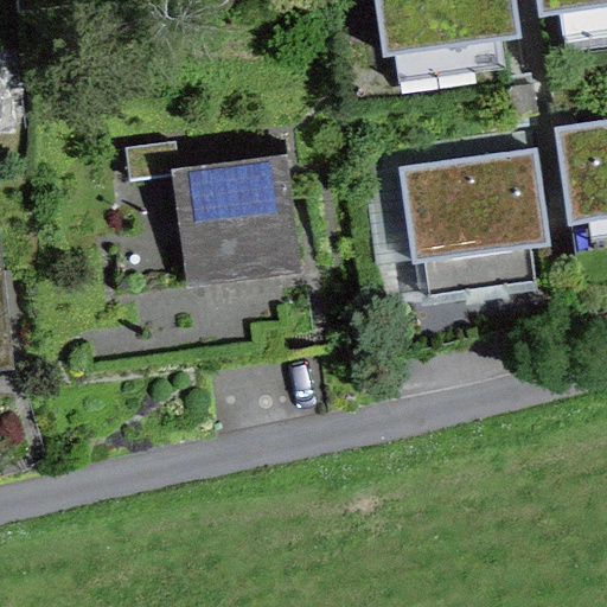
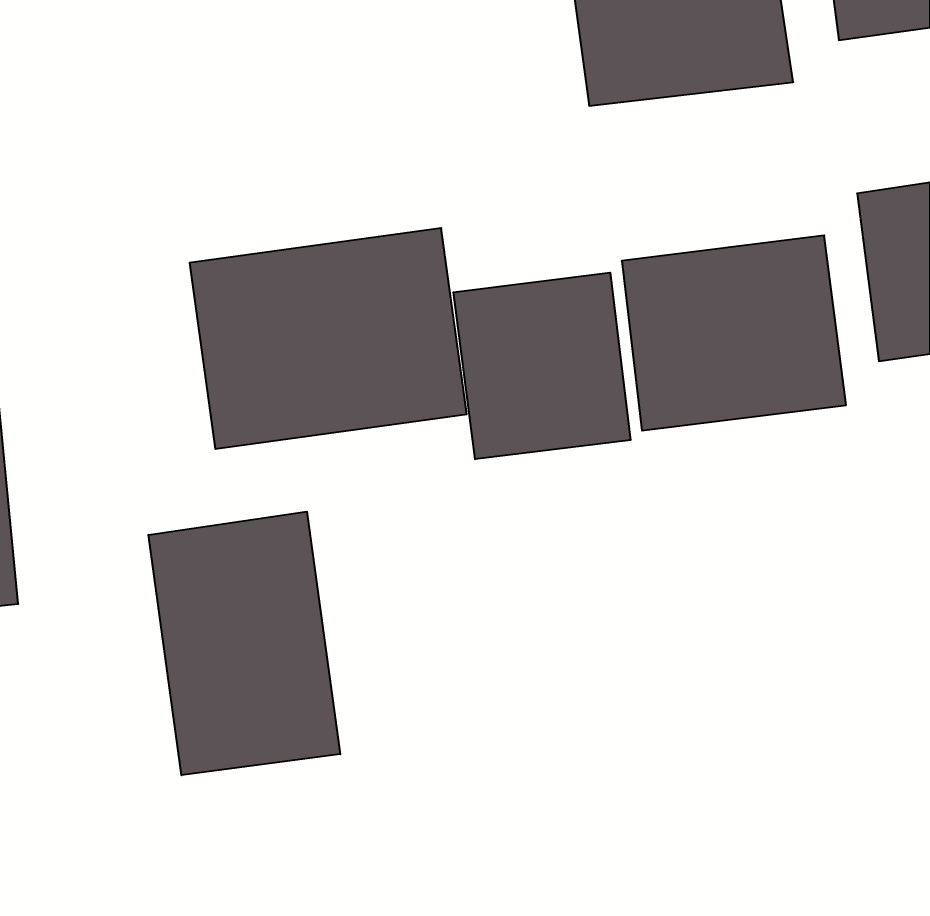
building: none -> [453,273,631,459]
building: none -> [148,512,340,775]

